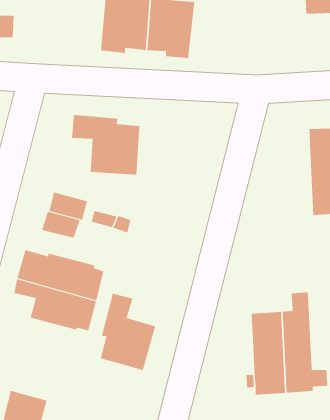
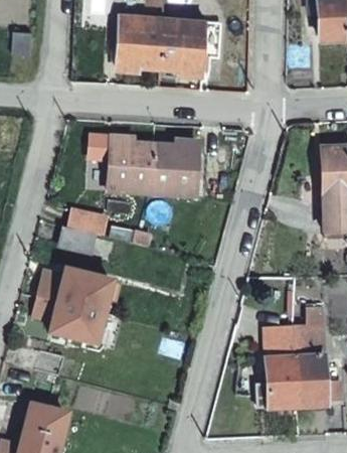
building: none -> [154,140,200,195]
building: [100,293,156,371] -> none

